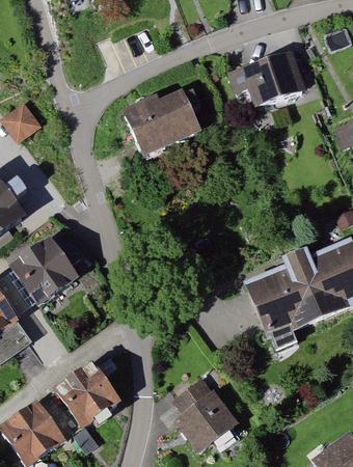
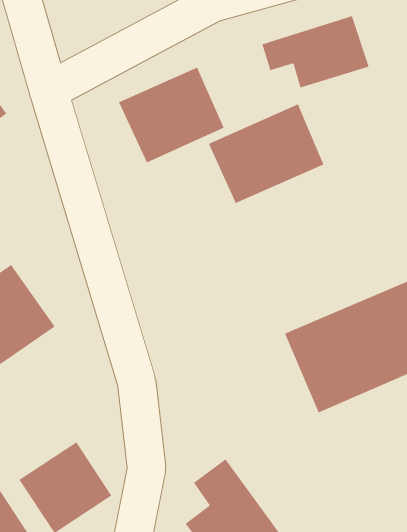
building: none -> [208,103,324,204]

